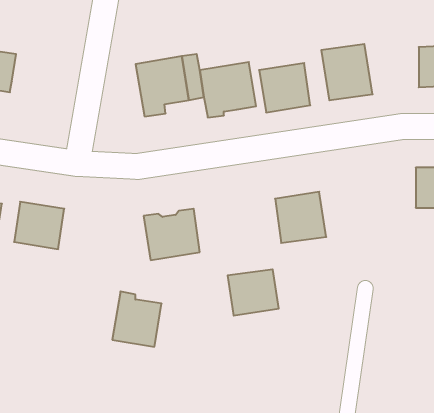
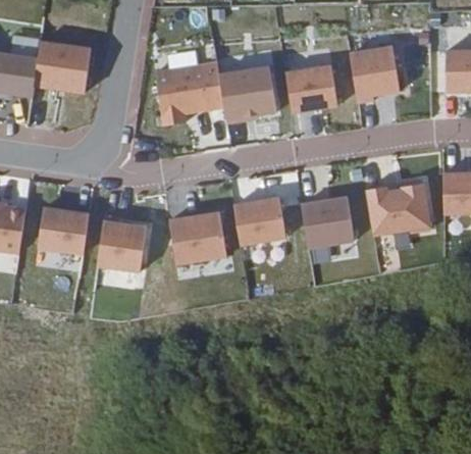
building: none -> [35,41,92,93]
building: none -> [366,181,431,235]
building: [228,269,279,316] -> [233,198,285,245]
building: [112,291,162,347] -> [96,217,146,273]

